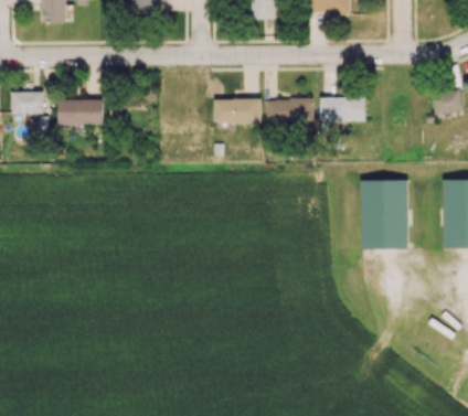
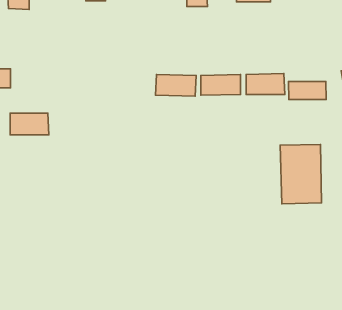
building: [58,99,104,125] -> [10,113,49,135]
building: none -> [289,81,326,100]

